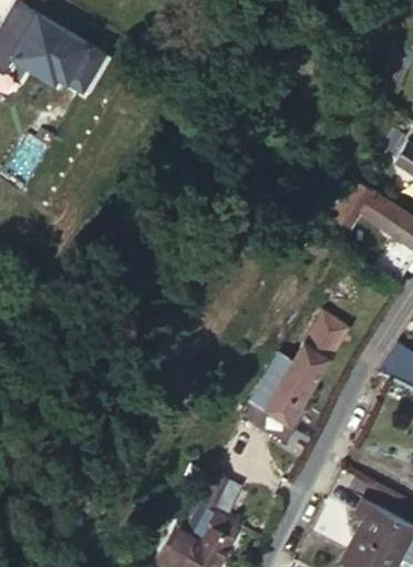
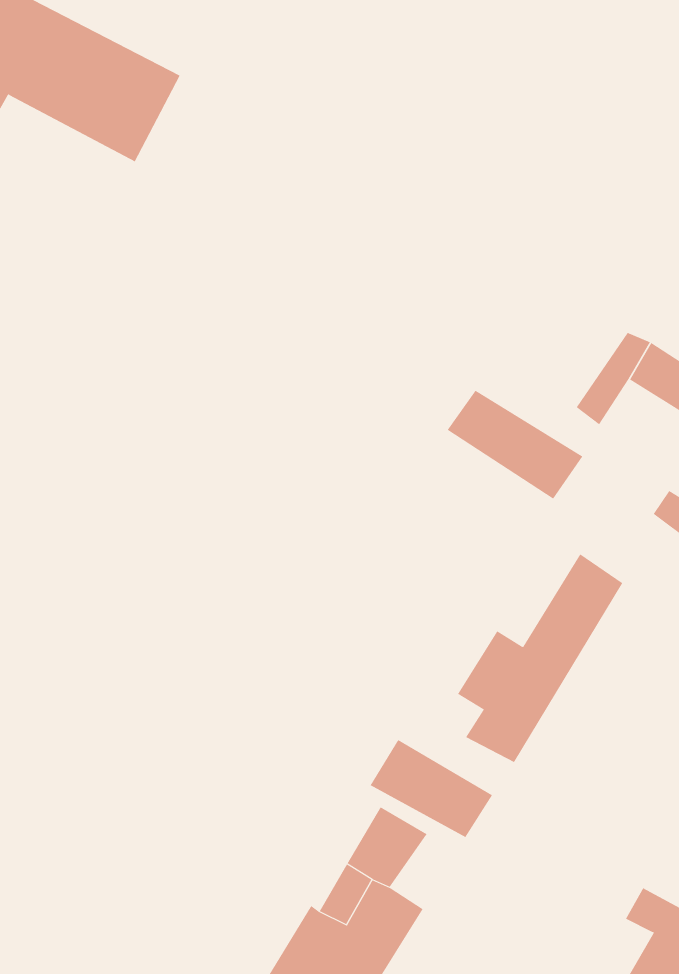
building: none -> [447,390,583,500]
building: none -> [370,739,493,838]

